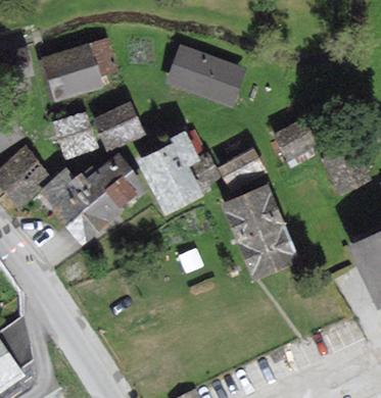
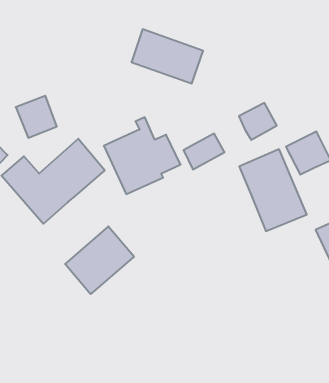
building: [46,40,112,94] -> none
building: [94,104,140,144] -> none
building: [226,188,293,269] -> [239,149,307,231]
building: none -> [65,226,134,294]

